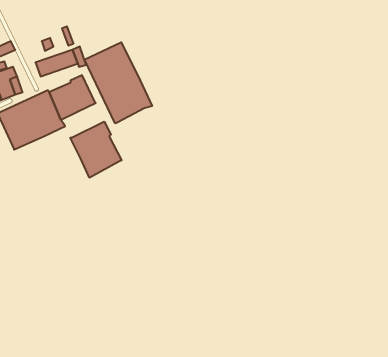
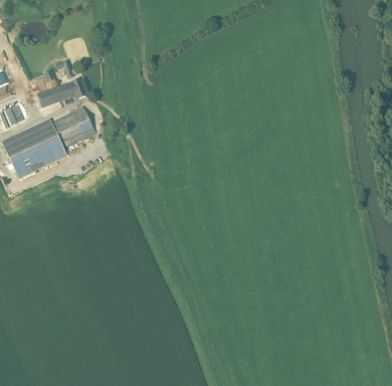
building: [84,42,152,123] -> none
building: [70,122,122,178] -> none

